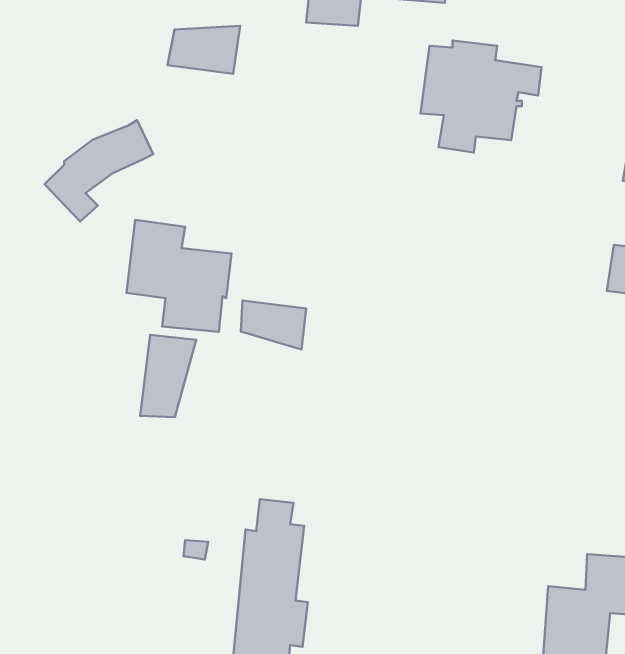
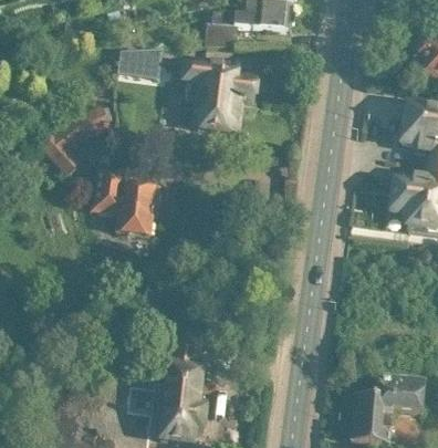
building: [421,40,542,153] -> [180,59,255,128]
building: [241,301,306,349] -> none
building: [140,335,196,417] -> none

